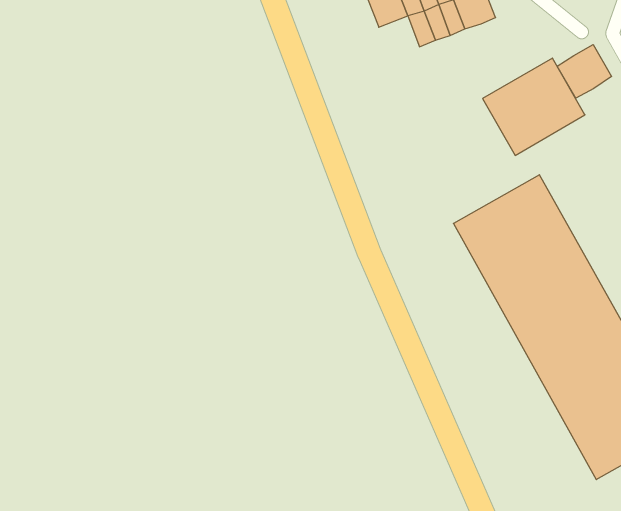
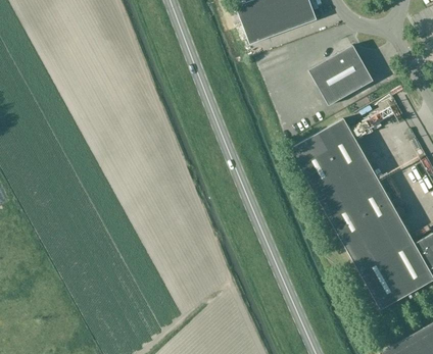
building: none -> [244,18,270,45]
building: [557,45,612,98] -> none

